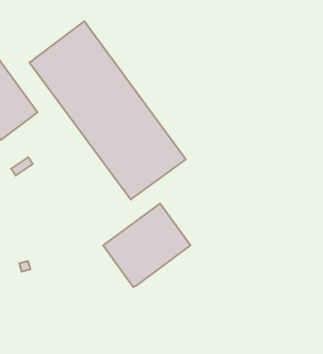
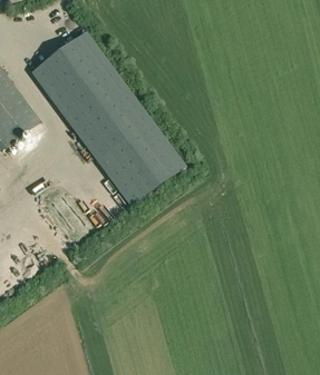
building: [103,203,190,287] -> none

